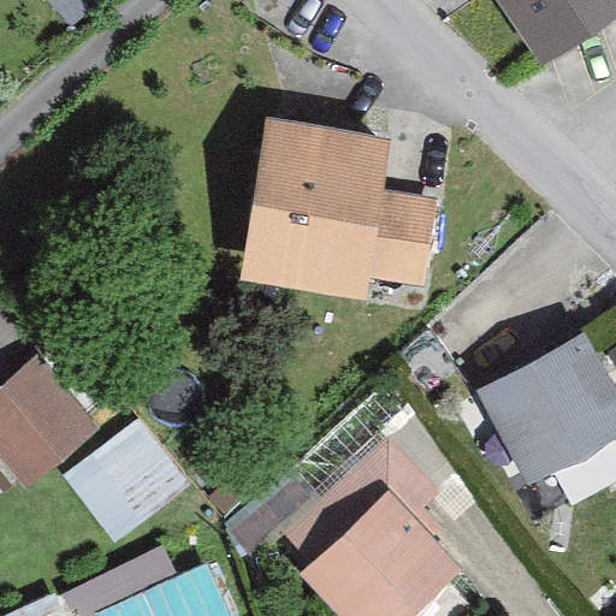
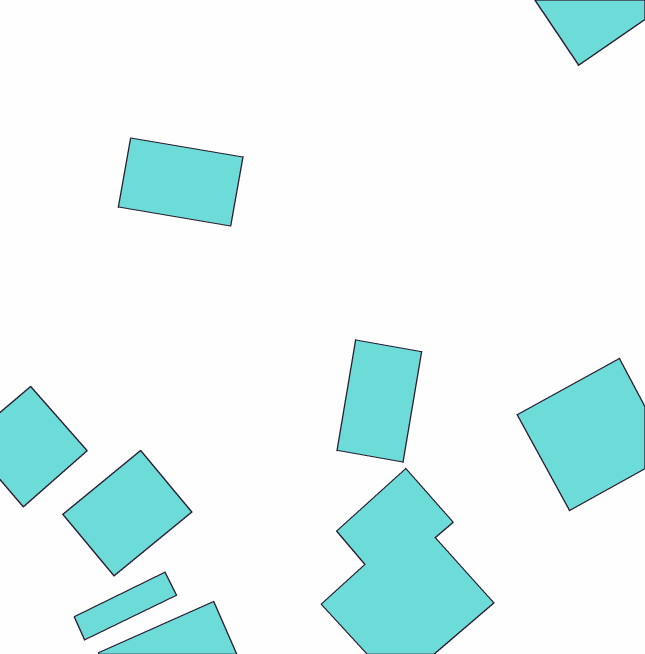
building: [245,122,436,301] -> none
building: none -> [118,138,243,226]
building: none -> [337,340,422,462]

